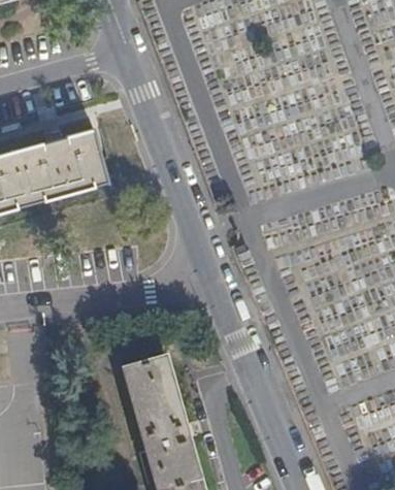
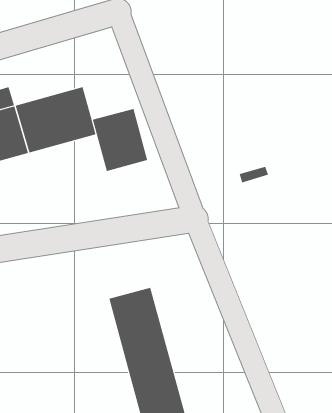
building: none -> [92,108,148,172]

